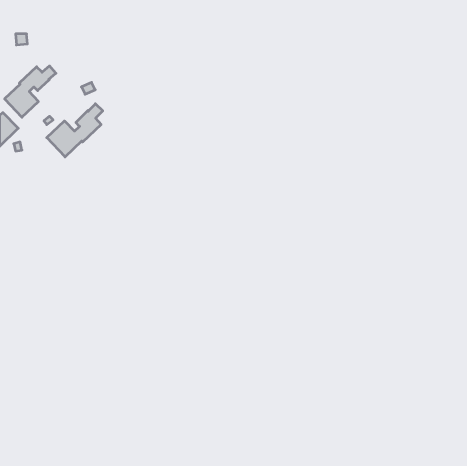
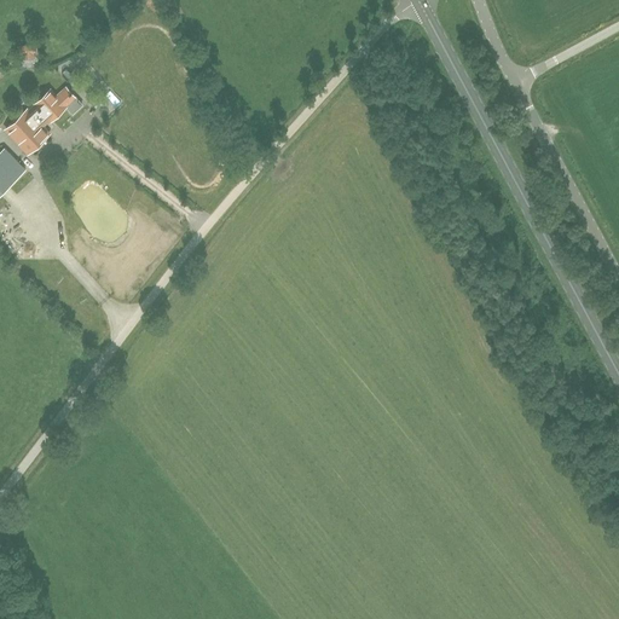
building: [47,104,103,157] -> none

